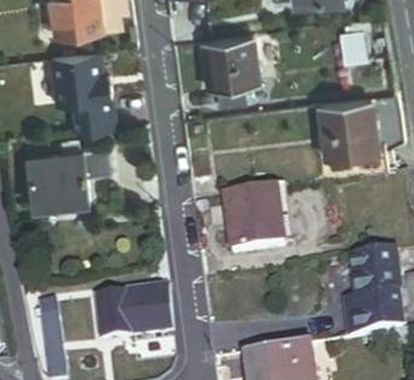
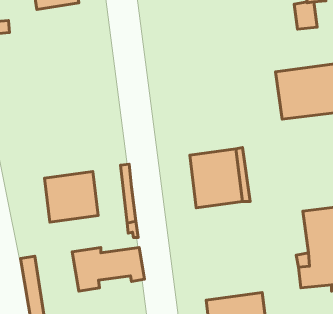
building: [203,30,255,99] -> none
building: [48,51,115,133] -> none
building: [29,148,88,204] -> [44,172,98,222]

